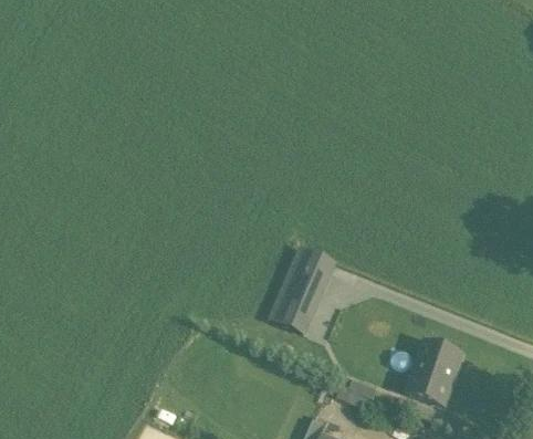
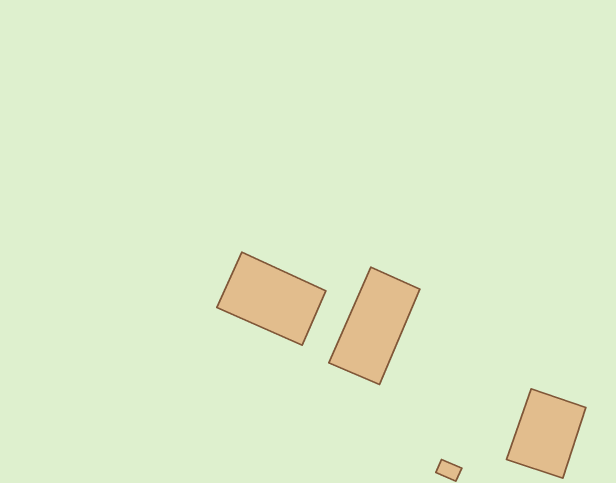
building: none -> [217,252,326,345]

